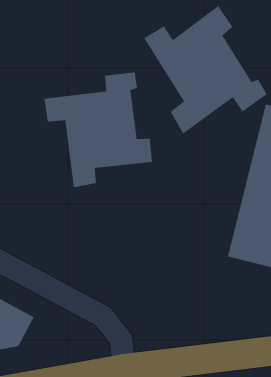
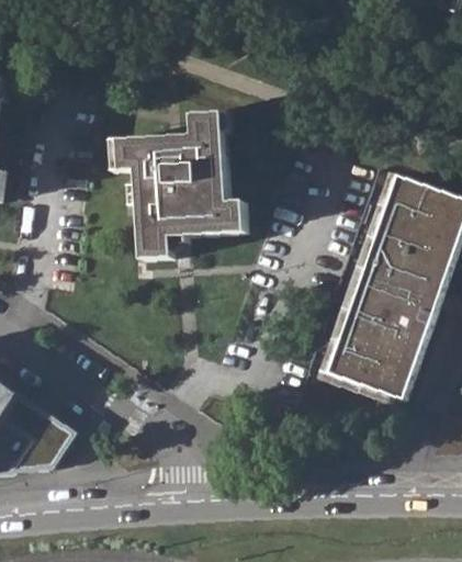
building: [144,5,268,135] -> none

